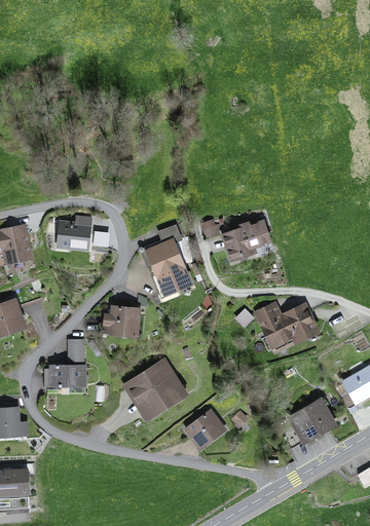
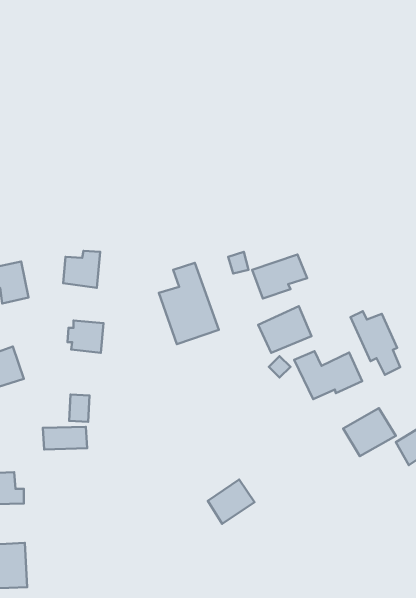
building: none -> [258,306,312,353]
building: none -> [351,311,400,375]
building: [108,306,139,334] -> [67,321,103,353]
building: [126,367,182,420] -> none
building: [290,400,335,441] -> [343,408,396,456]

